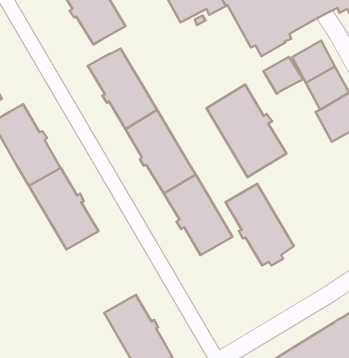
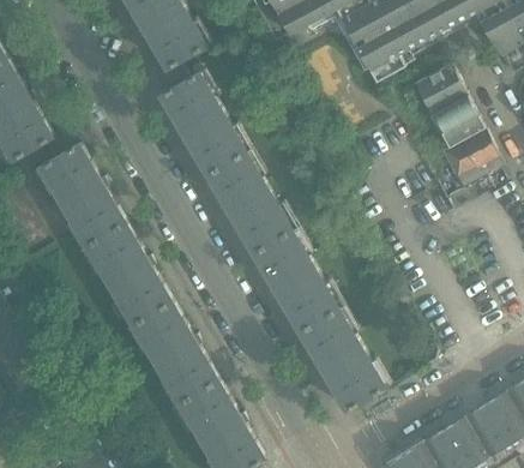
building: [263,57,303,94] -> none
building: [206,85,286,177] -> none
building: [225,184,294,266] -> [299,308,384,410]
building: none -> [132,301,218,403]

